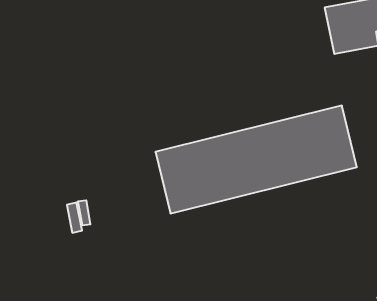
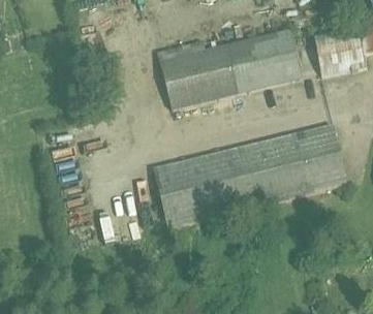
building: none -> [157,30,302,108]

